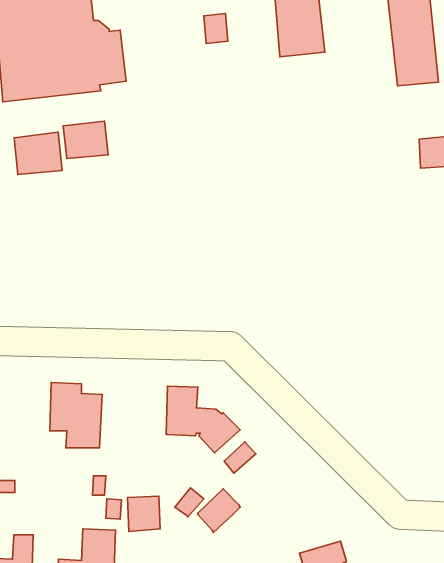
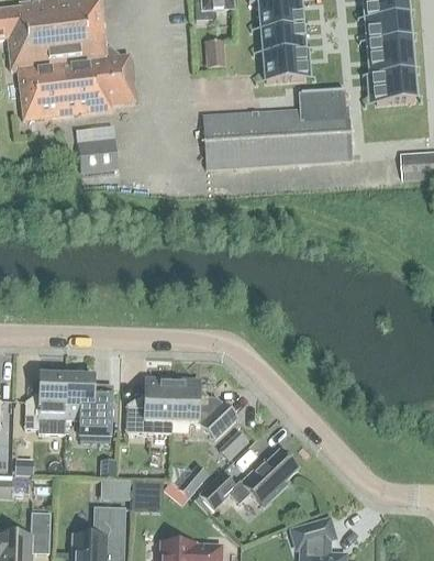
building: none -> [202,90,350,168]
building: [14,132,62,175] -> none
building: none -> [24,374,66,435]
building: none -> [125,378,171,433]
building: none -> [231,450,298,507]

